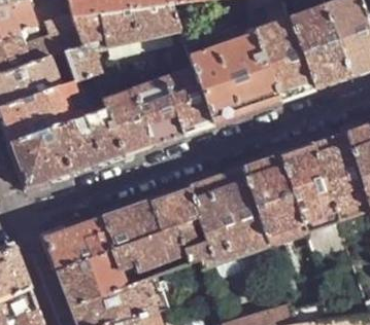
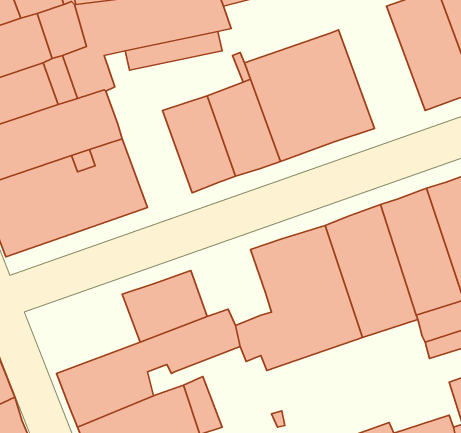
building: [254,17,314,102] -> none
building: [102,88,154,156] -> none
building: [153,185,204,238] -> none
building: [46,216,117,270] -> none

